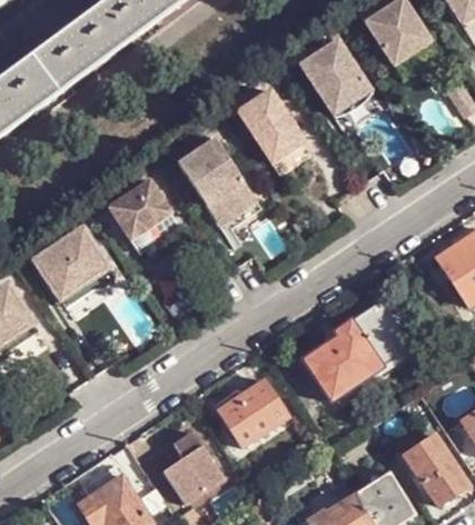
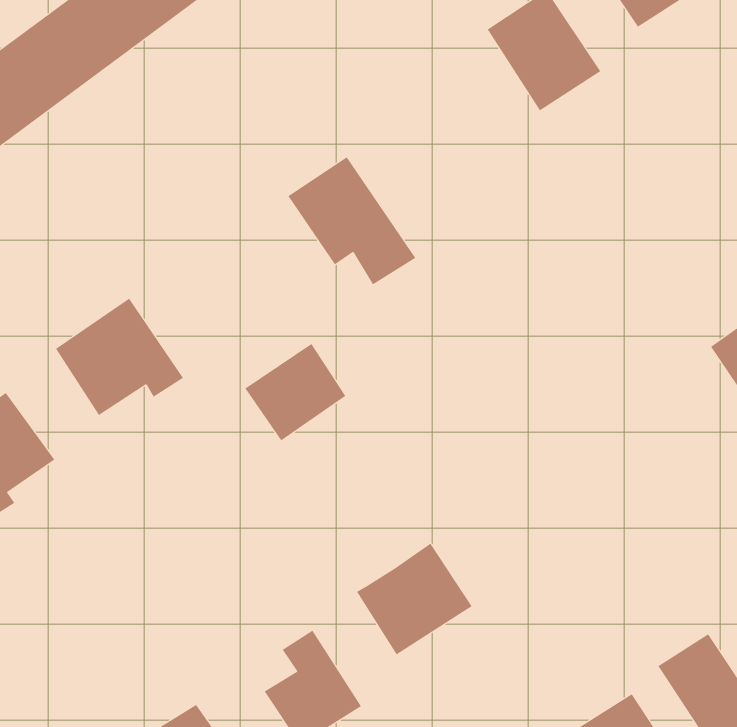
building: [236,90,303,162] -> none
building: [109,180,171,240] -> [245,343,346,441]
building: [304,299,410,398] -> none

